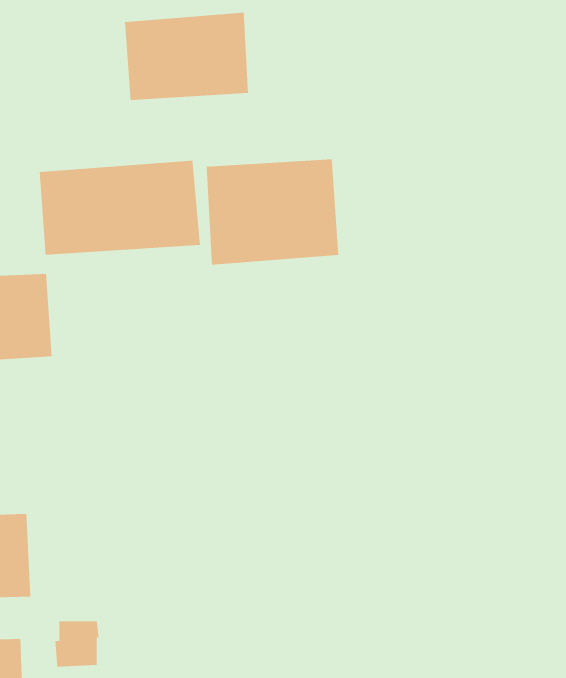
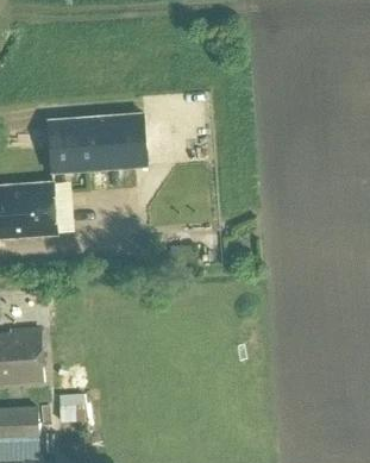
building: [124,12,249,101] -> none
building: [206,158,339,266] -> none

